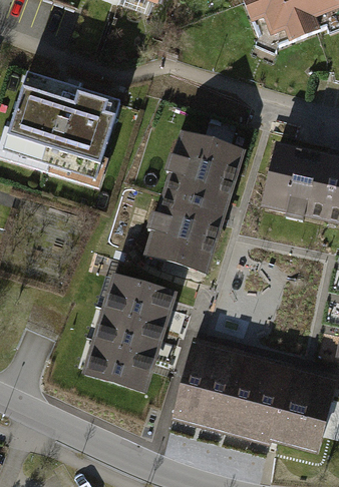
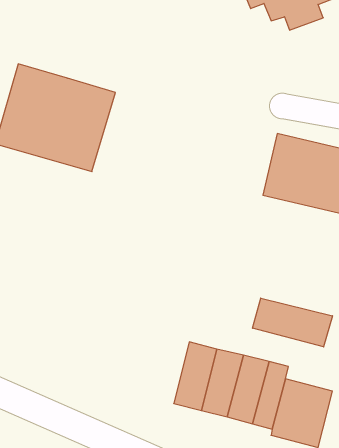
building: [144,132,244,274] -> none
building: [84,273,176,391] -> none
building: none -> [253,298,332,347]

